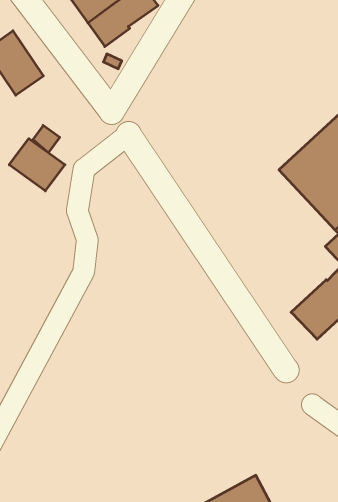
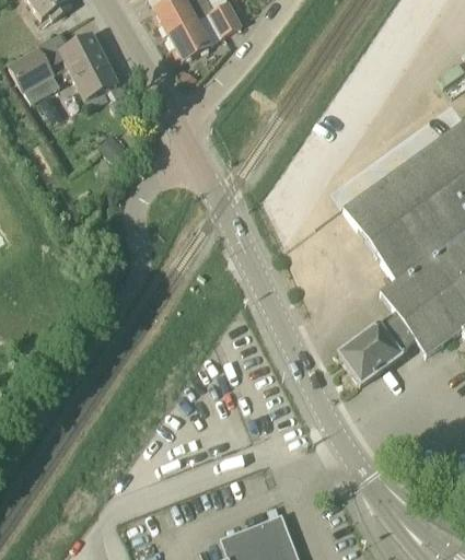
building: [9,139,65,191] -> none

